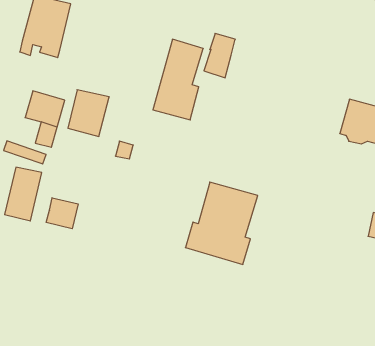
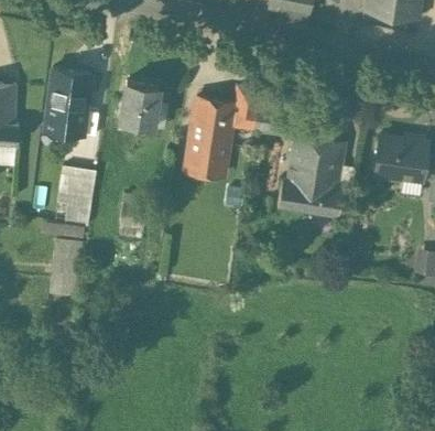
building: [68,90,109,136] -> [118,80,155,125]
building: [185,182,258,264] -> [279,136,345,214]
building: [46,198,78,229] -> none

